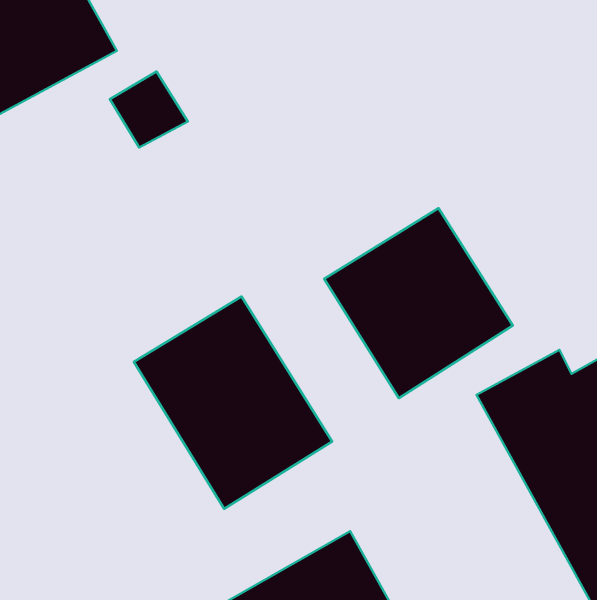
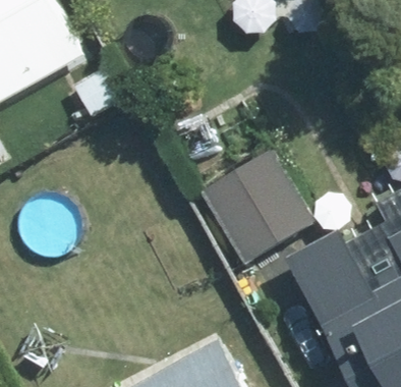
building: [134,296,332,509] -> none

